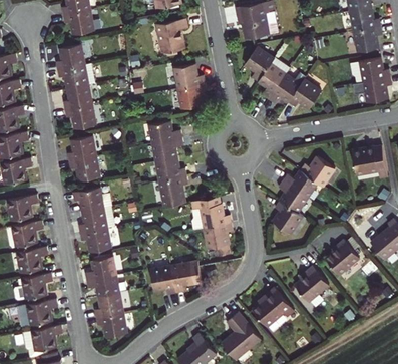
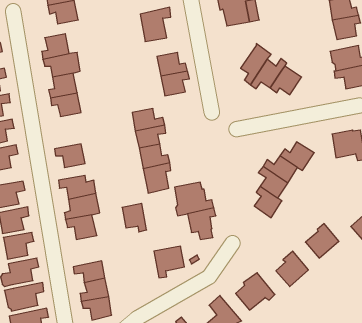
building: [245,45,275,80] -> none
building: [68,137,96,162] -> none
building: [86,259,117,283] -> none
building: [150,267,175,296] -> [122,203,147,232]

